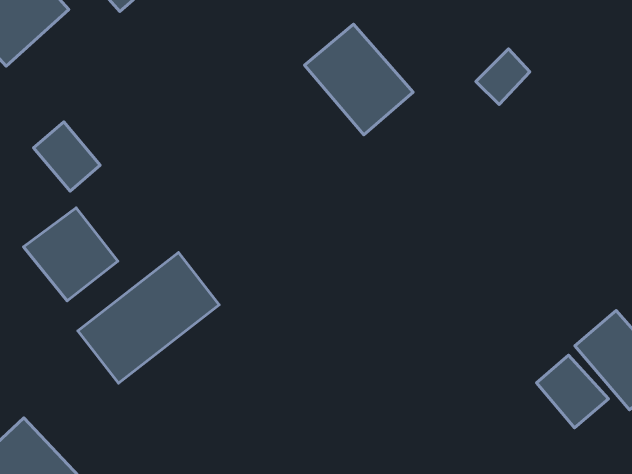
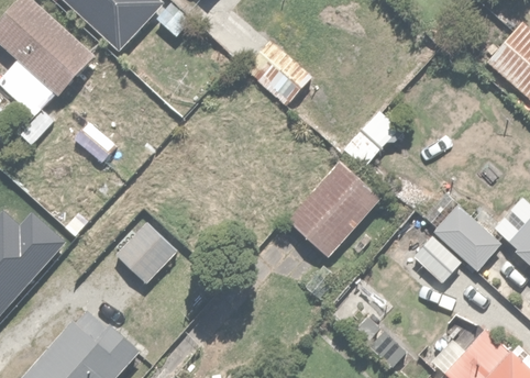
building: [24,208,118,301] -> none
building: none -> [280,159,382,256]

